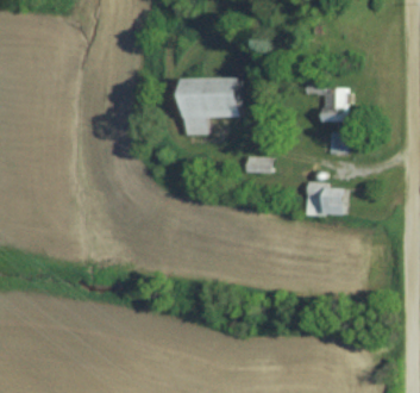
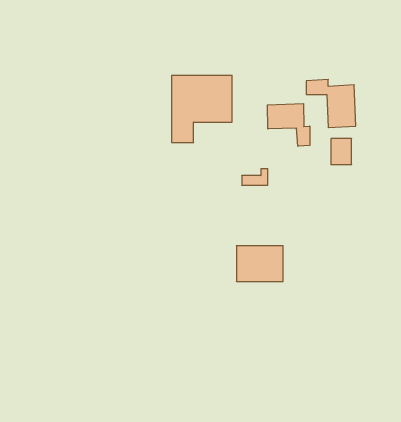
building: none -> [267,104,310,146]
building: [305,185,345,216] -> [236,246,283,281]

